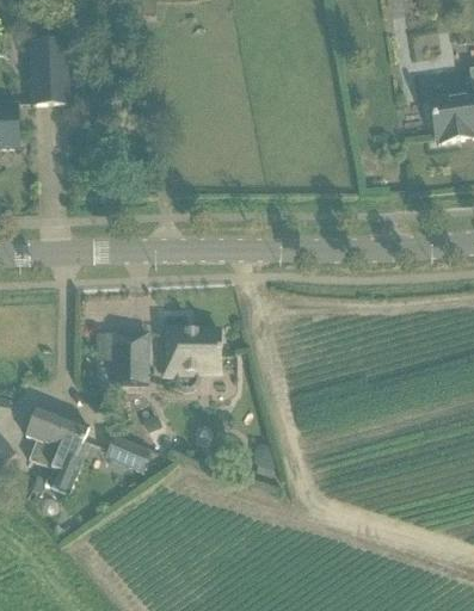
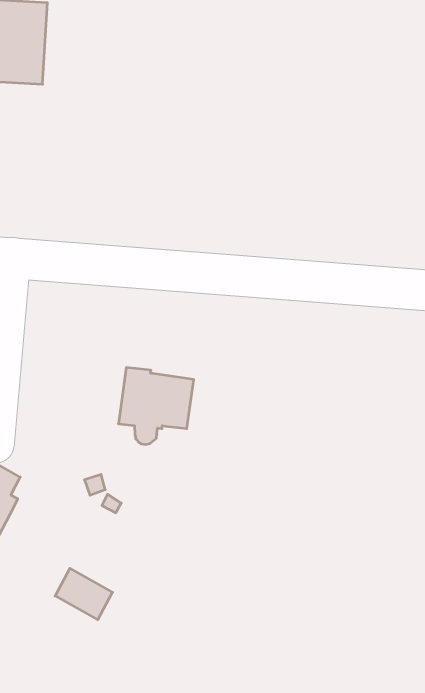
building: [112,332,147,383] -> none
building: [104,434,150,474] -> [55,568,113,620]

